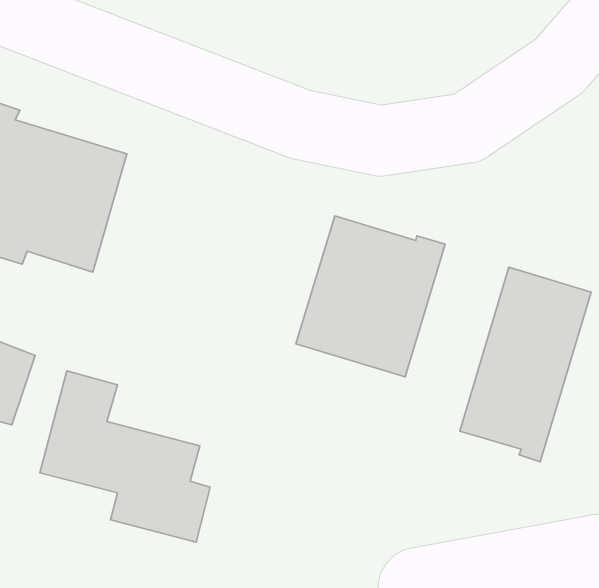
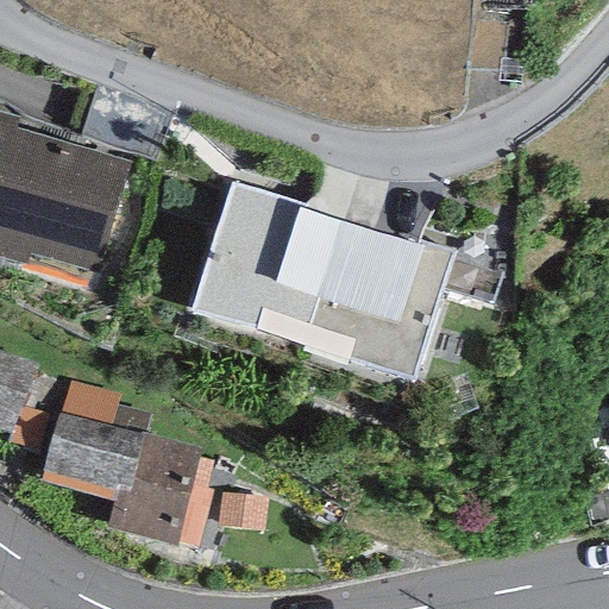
building: none -> [190,178,339,349]
building: [460,267,591,462] -> none

